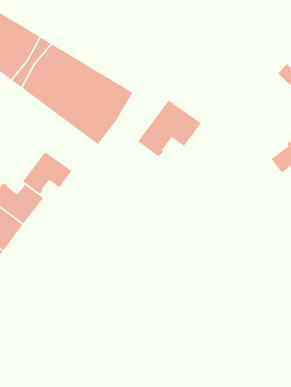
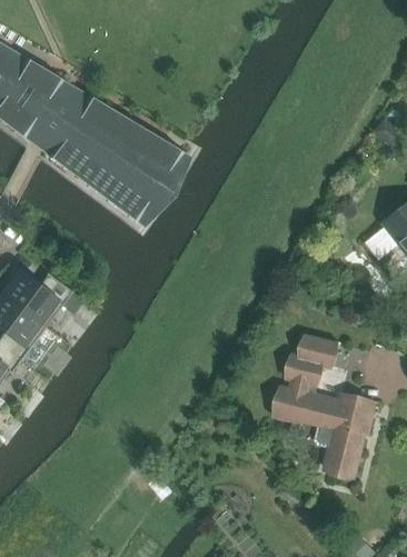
building: [137,99,202,157] -> none
building: [22,151,72,194] -> none
building: none -> [277,335,375,475]

